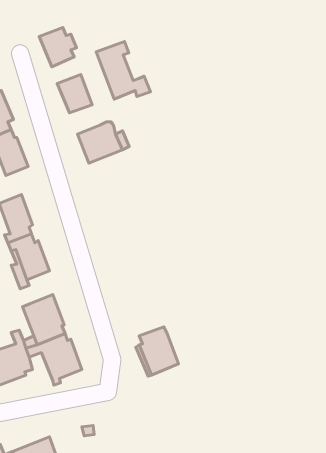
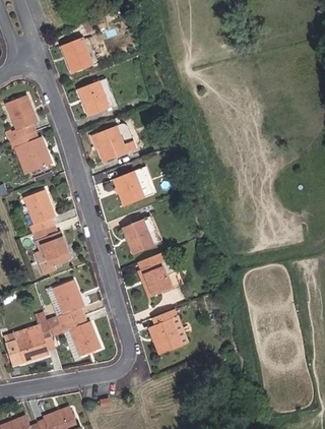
building: [96,41,151,99] -> none
building: none -> [113,172,144,206]
building: none -> [122,216,162,254]
building: none -> [138,251,181,297]

